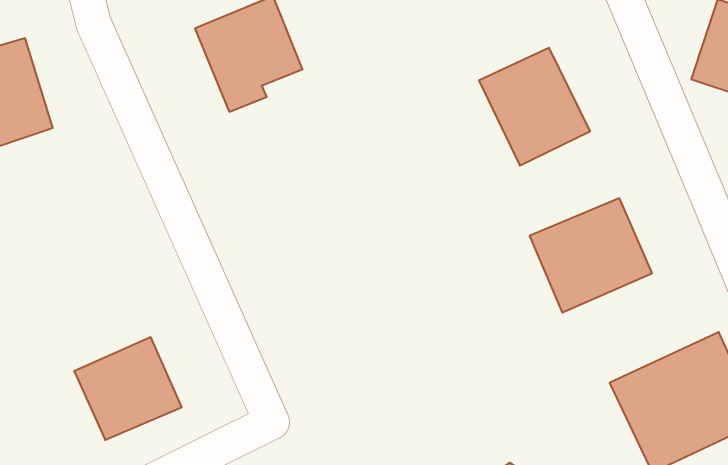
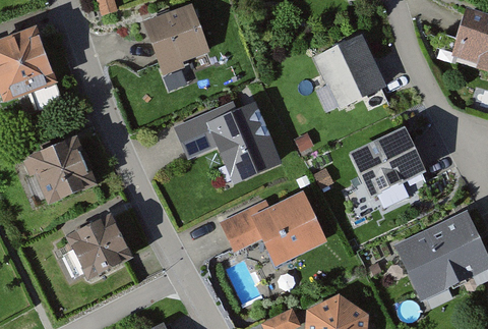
building: none -> [178,102,280,181]
building: none -> [25,140,90,205]
building: none -> [223,191,325,266]

